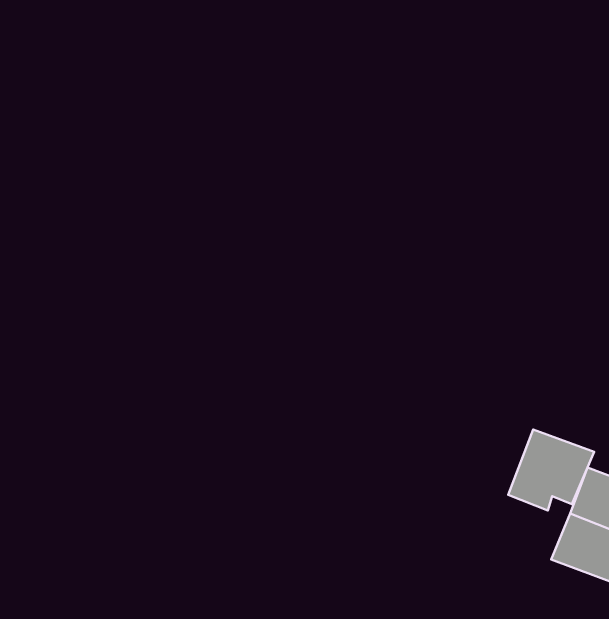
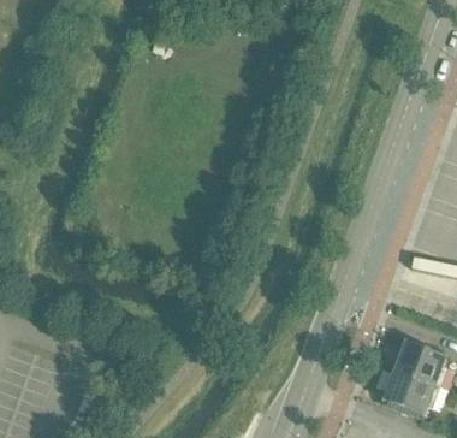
building: [508,429,594,511] -> none

